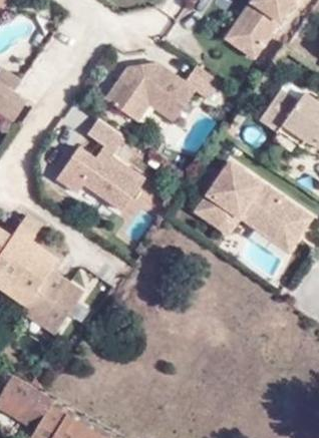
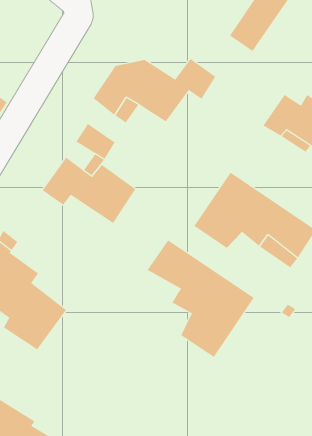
building: none -> [147,239,254,358]

